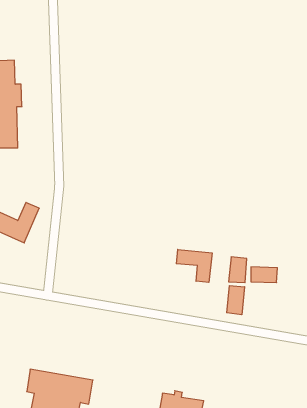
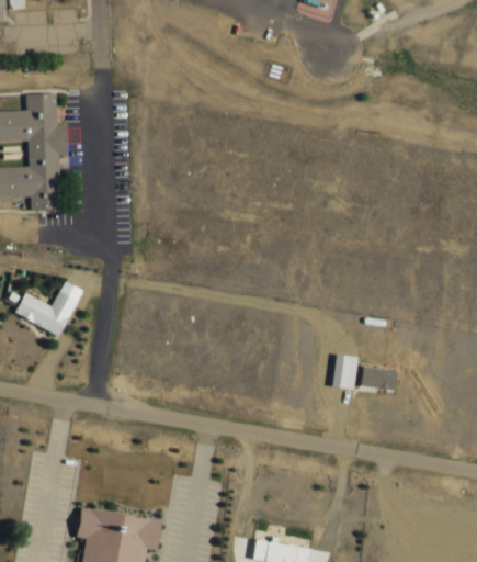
building: [176,249,212,282] -> none
building: [227,286,245,315] -> none

